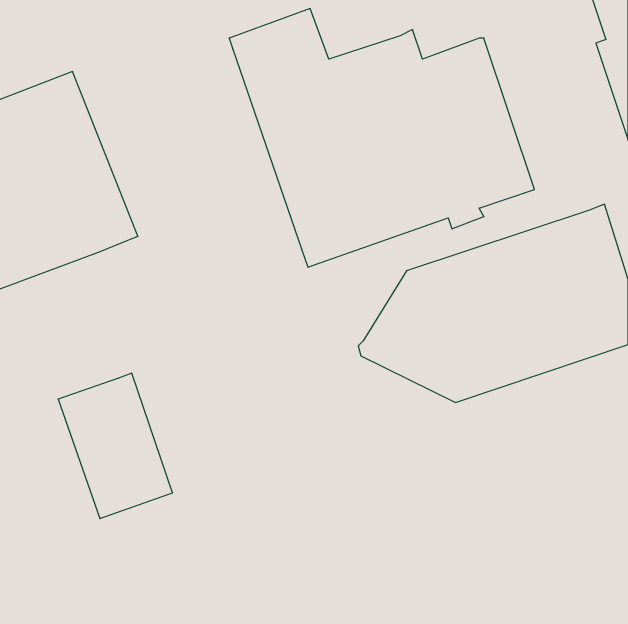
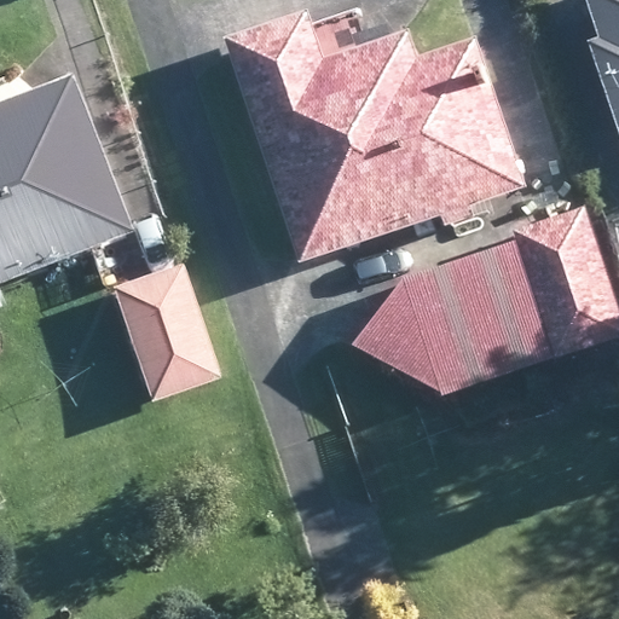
building: [58,373,173,519] -> [111,260,224,403]

